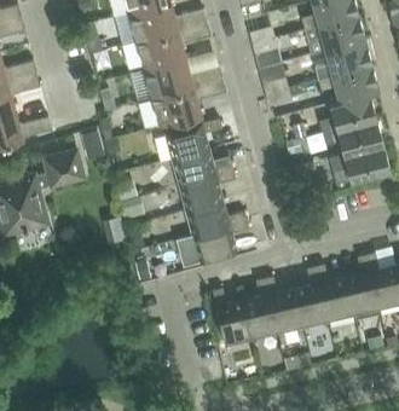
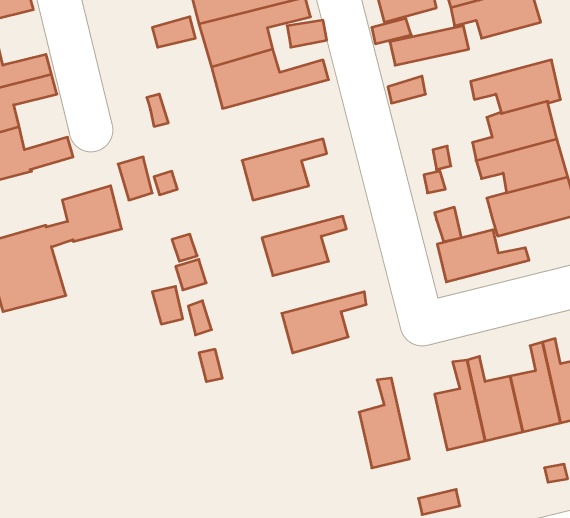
building: [314,40,372,80] -> none
building: [151,79,226,127] -> none
building: [172,150,232,185] -> none
building: [185,201,247,236] -> [437,230,529,282]
building: [265,277,302,334] -> none
building: [212,289,251,346] -> none

